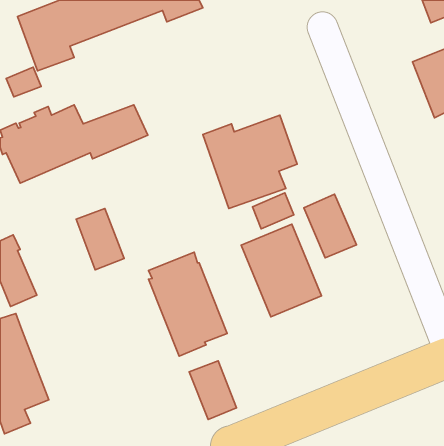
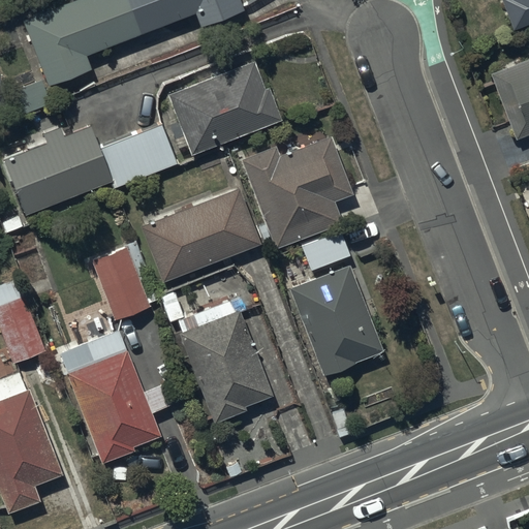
building: none -> [168,59,281,154]
building: none -> [141,188,258,282]
building: [304,194,357,258] -> none
building: none -> [59,330,170,464]
building: [189,361,237,419] -> none

